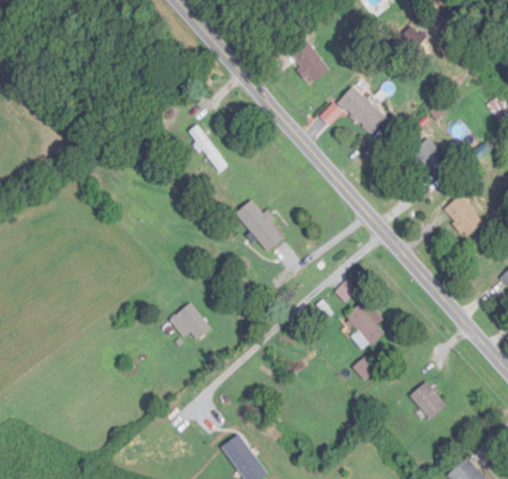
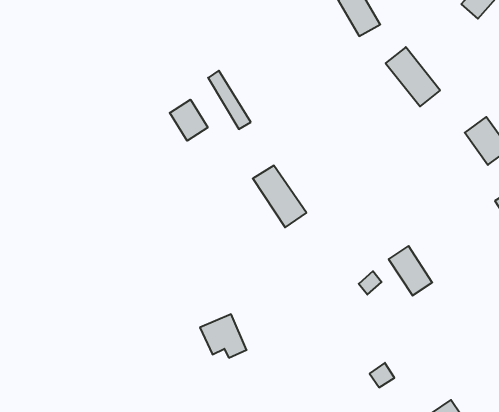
building: none -> [170,100,208,141]
building: [168,303,210,340] -> [200,314,247,358]
building: [343,304,382,346] -> [389,246,432,296]

